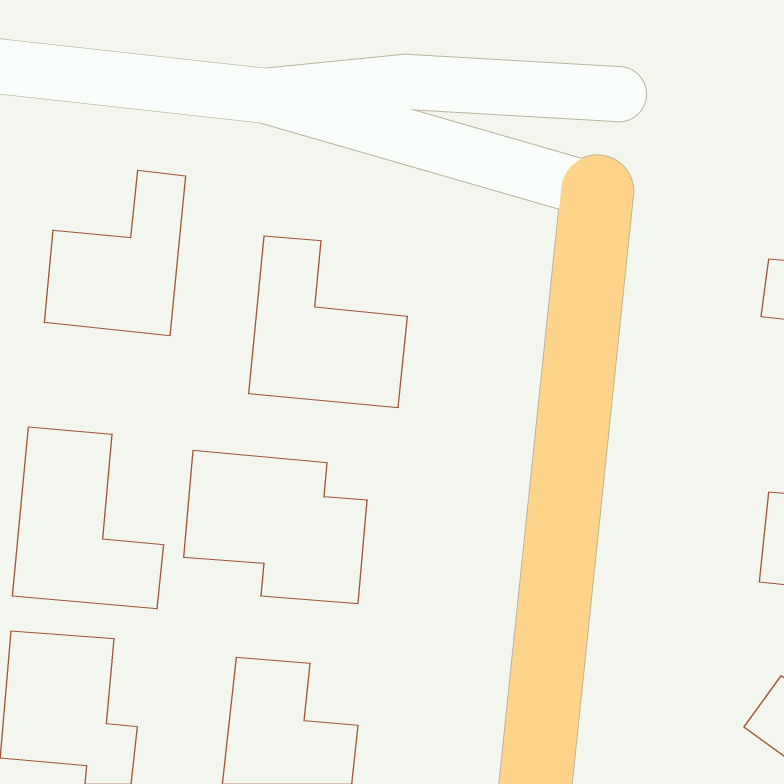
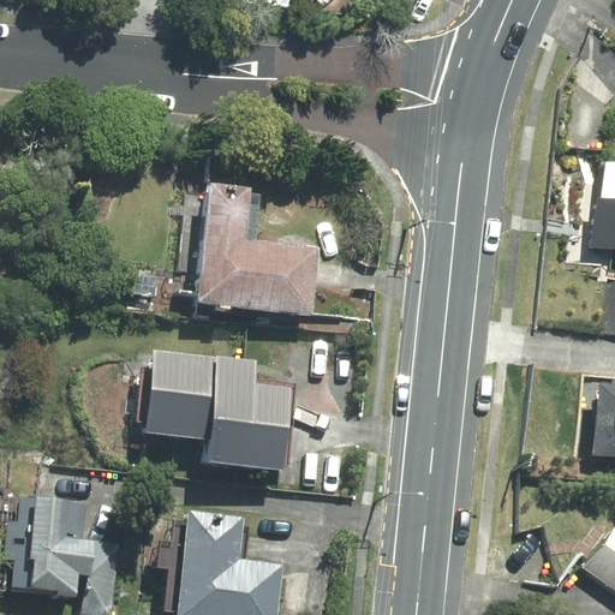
building: [44,170,185,336] -> none
building: [13,427,163,609] -> none

